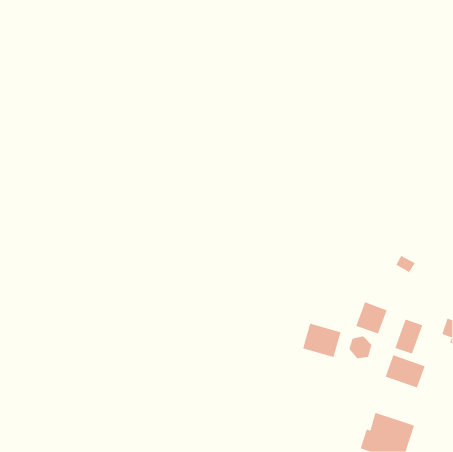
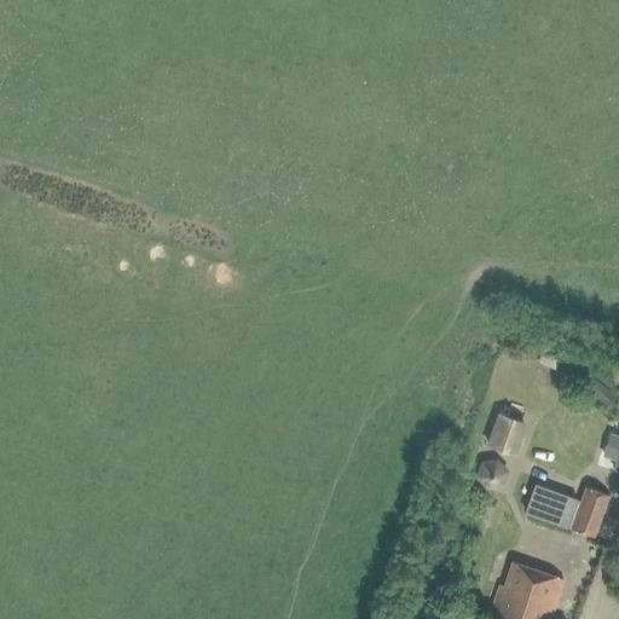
building: [395,319,423,354] -> [569,490,608,538]
building: [303,323,341,358] -> none

